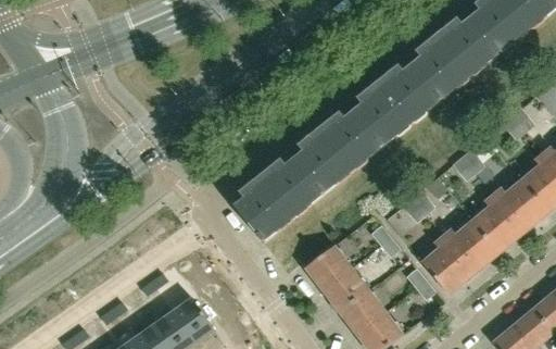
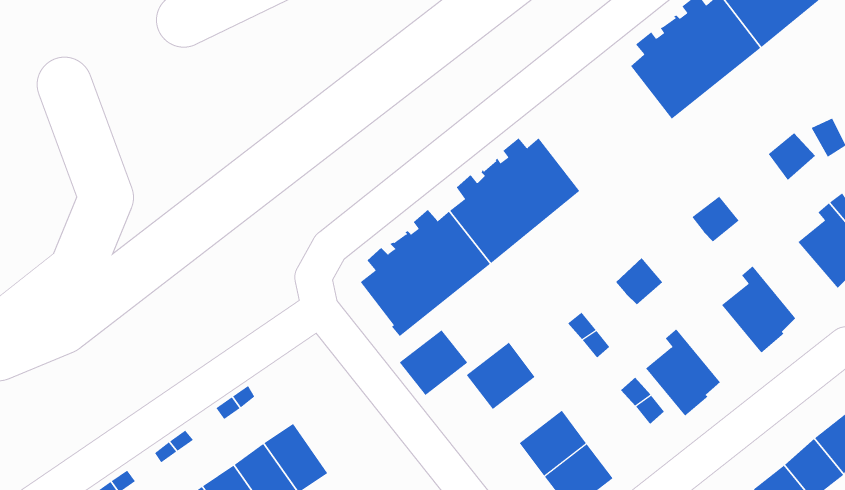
building: [353,63,440,146] -> none
building: [493,179,548,232] -> none
building: [443,221,498,273] -> none
building: [323,267,368,311] -> [399,329,468,396]

